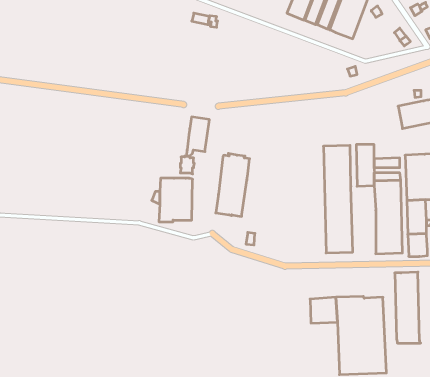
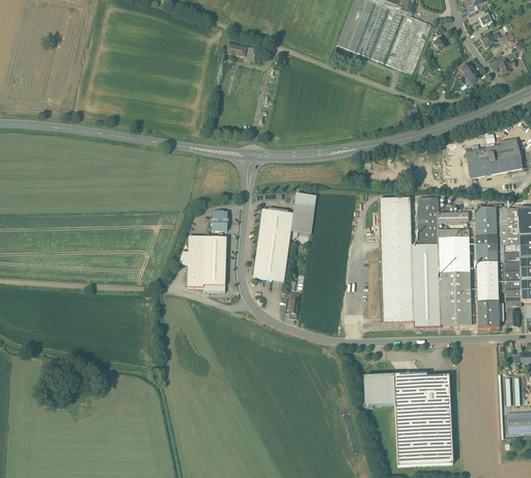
building: [186,117,209,156] -> [289,193,316,238]
building: [395,272,421,343] -> [411,245,441,328]

